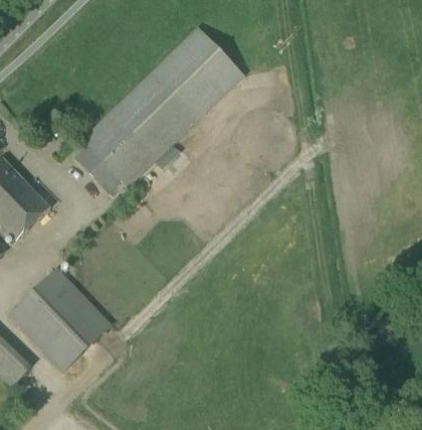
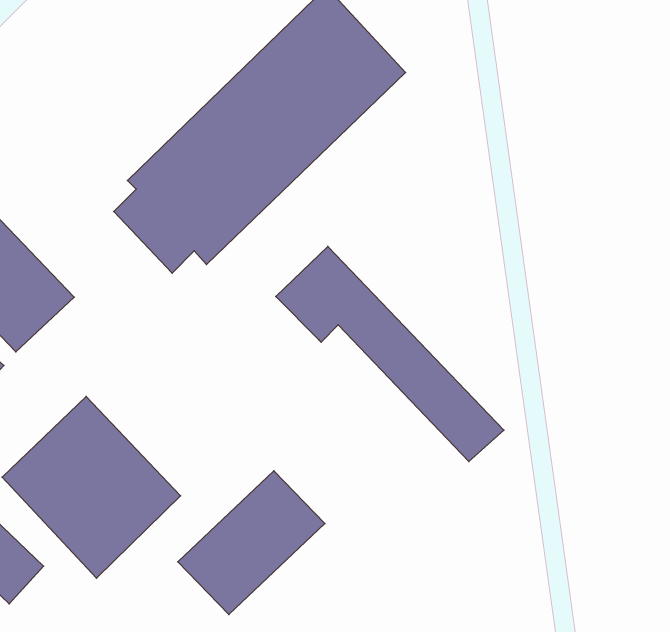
building: none -> [276,246,504,461]
building: none -> [178,471,325,614]

